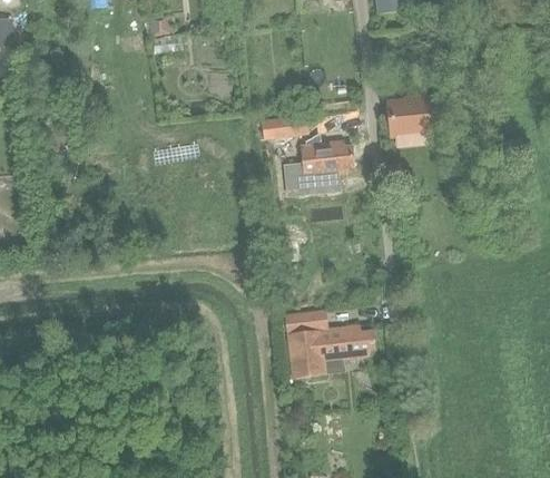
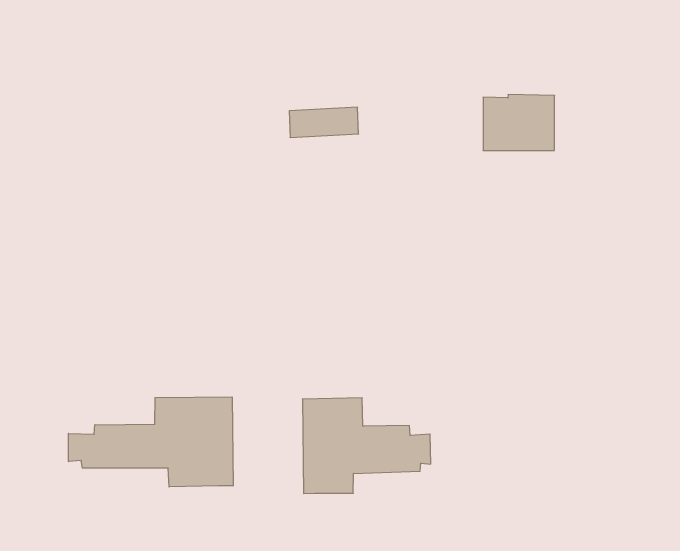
building: [287,135,353,187] -> none
building: none -> [68,397,233,487]

